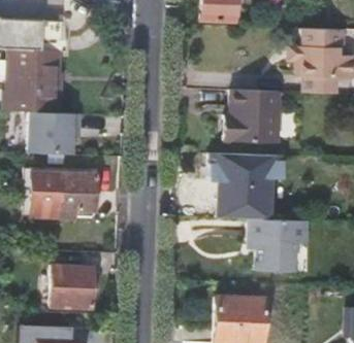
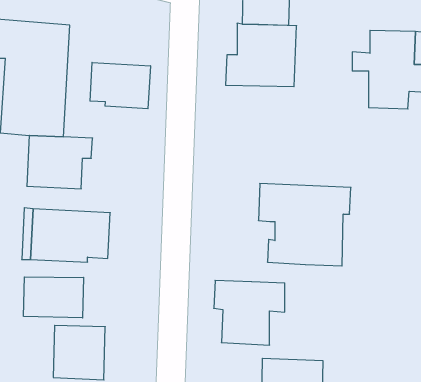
building: none -> [90,62,150,109]
building: [227,87,285,138] -> [226,23,297,87]
building: [253,217,311,270] -> [214,280,285,345]
building: none -> [24,277,84,318]

